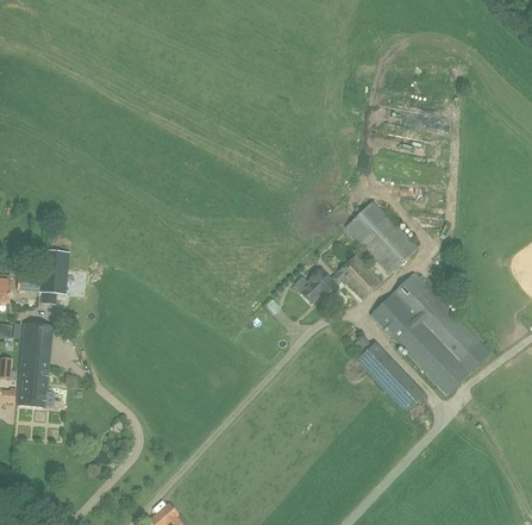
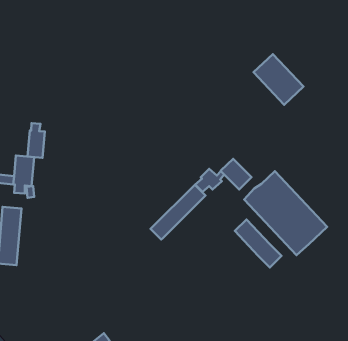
building: [345,200,417,273] -> [254,54,303,105]
building: none -> [28,123,45,158]
building: none -> [151,185,205,240]

